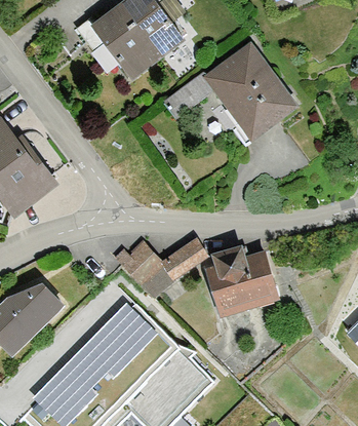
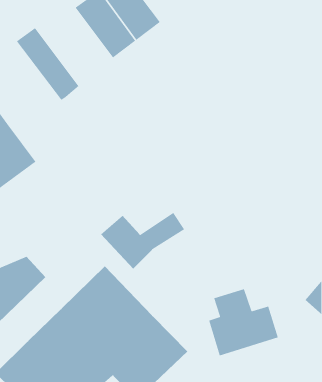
building: [185,41,300,144] -> none
building: none -> [16,27,80,101]
building: [205,243,279,315] -> [208,288,279,356]

